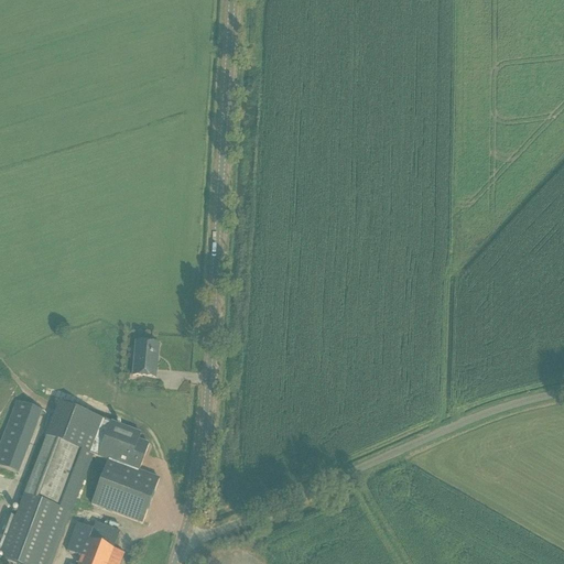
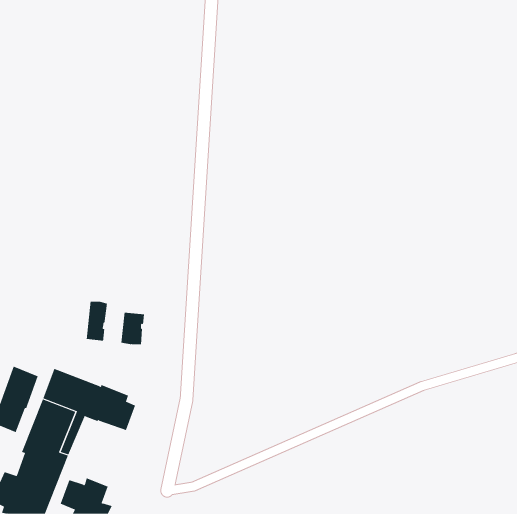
building: none -> [86,301,108,342]
building: [90,457,159,522] -> none

